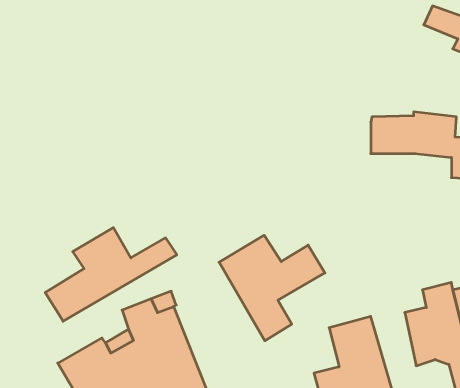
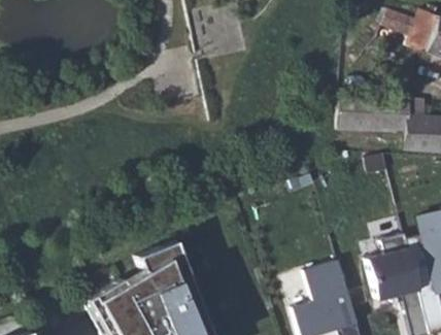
building: [45,228,177,321] -> none
building: [219,235,325,341] -> none

